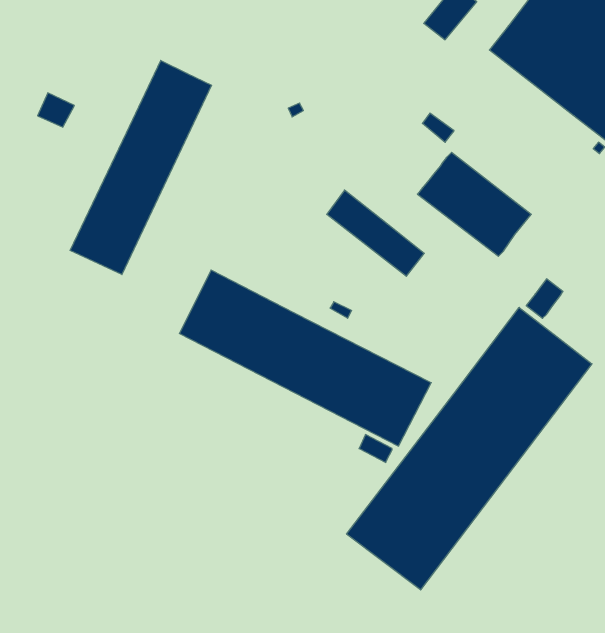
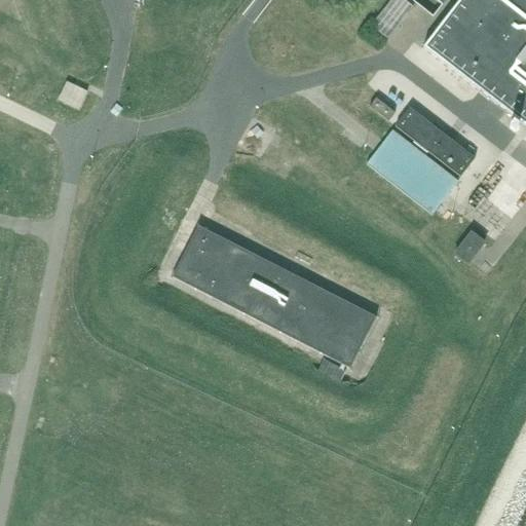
building: [70,60,212,275] -> none
building: [327,190,424,276] -> [396,106,475,176]
building: [347,307,592,590] -> none

